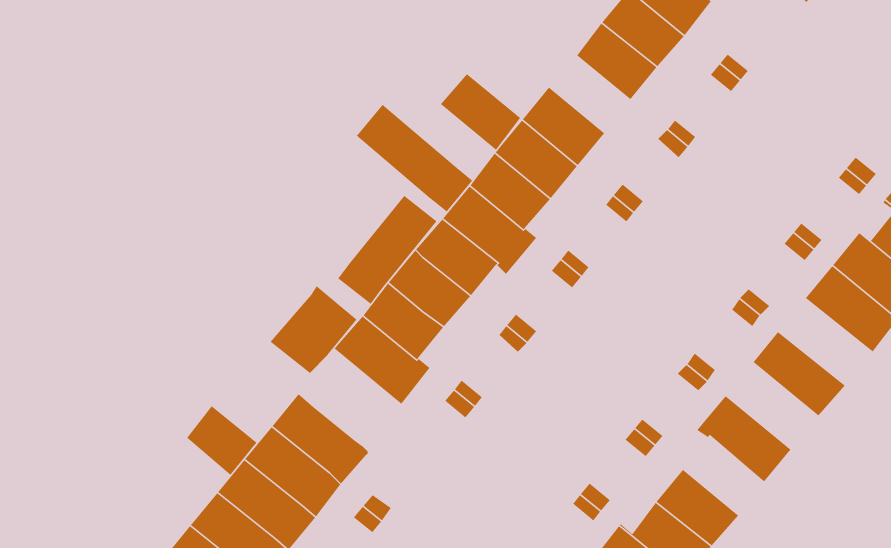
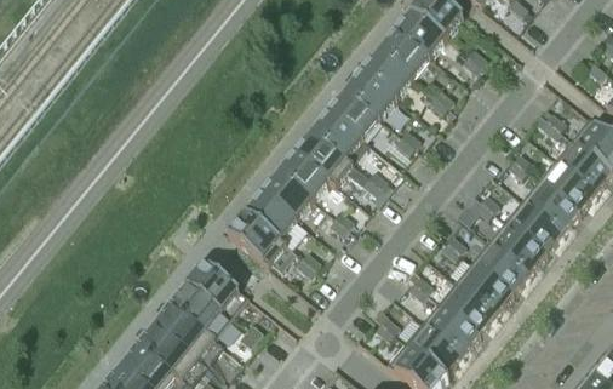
building: [440,73,521,151] -> [361,45,412,93]
building: [356,104,473,213] -> none
building: [337,195,438,305] -> none
building: [270,285,357,374] -> none
building: none -> [504,196,563,251]
building: none -> [471,236,529,291]
building: [186,405,258,476] -> none
building: none -> [445,282,495,332]

